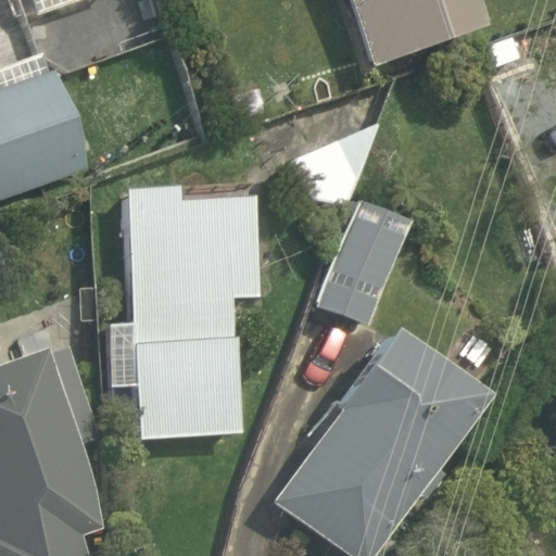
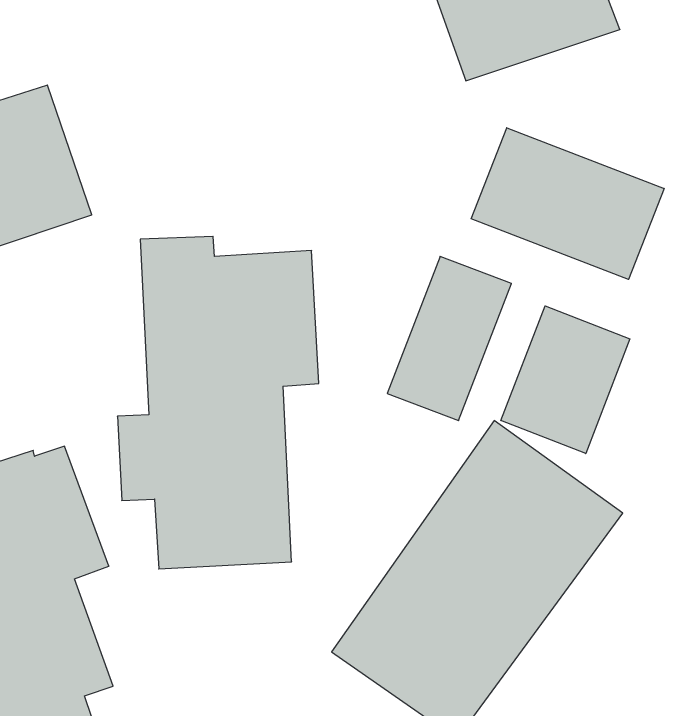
building: none -> [471,128,664,279]
building: none -> [501,306,630,454]

